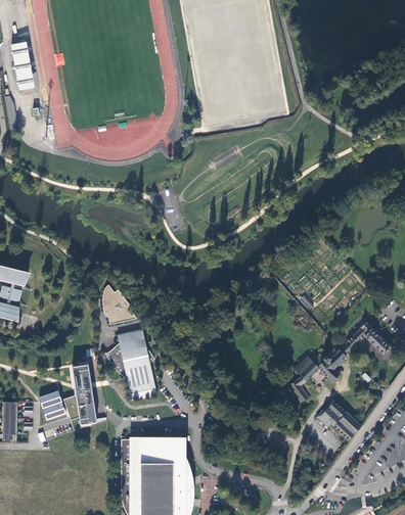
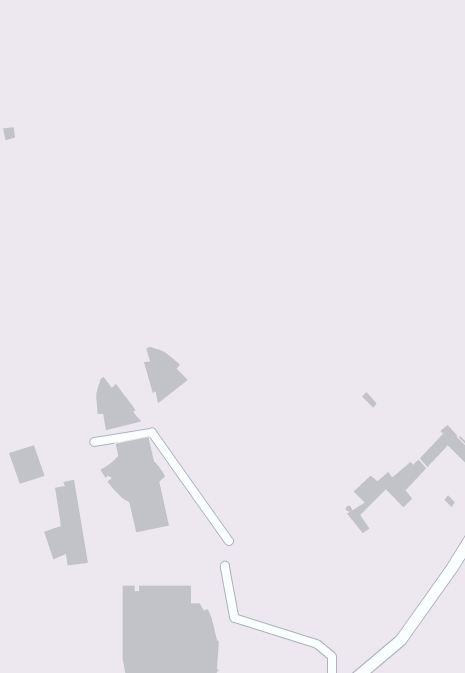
building: none -> [143,346,189,405]
building: [39,391,66,421] -> [8,444,45,484]
building: [316,402,361,440] -> none

